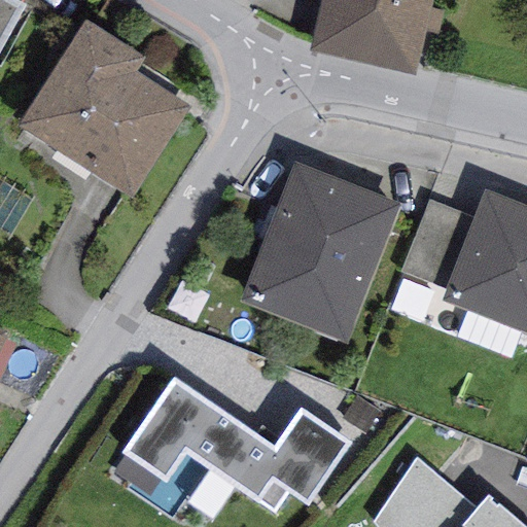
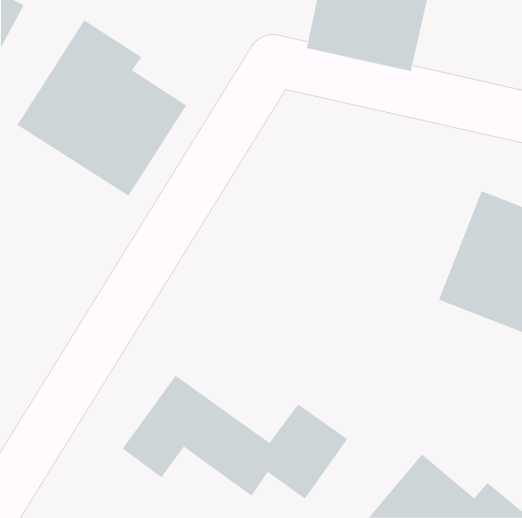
building: [242,164,400,343] -> none

